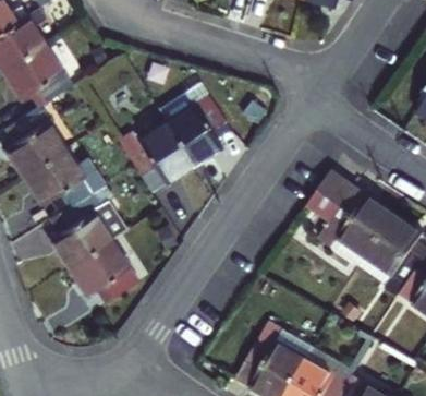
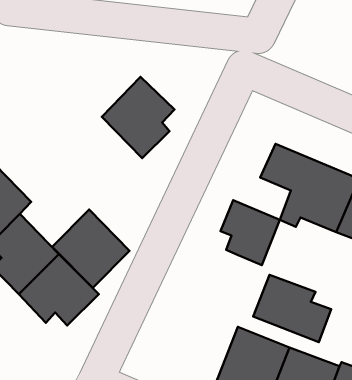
building: [134,122,202,192] -> [52,209,130,288]
building: none -> [221,200,280,265]
building: none -> [253,275,331,342]

